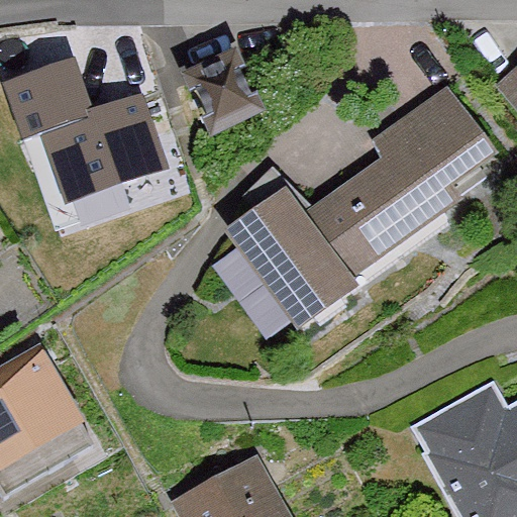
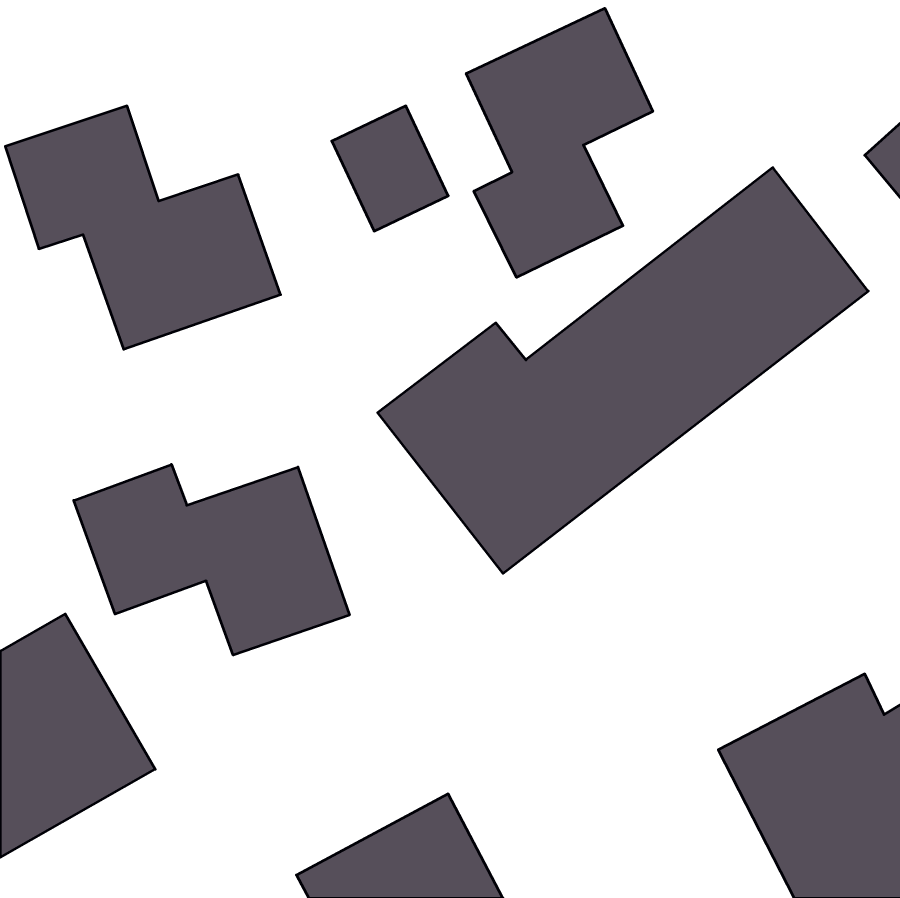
building: none -> [466,8,653,277]
building: none -> [74,464,349,655]

